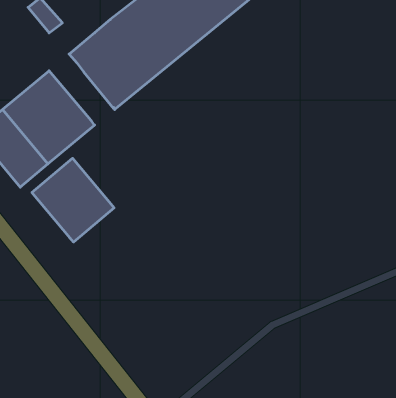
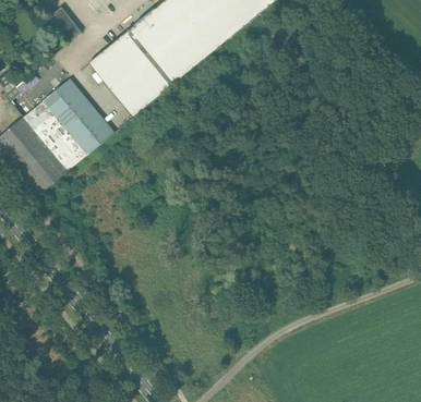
building: [32,158,114,242] -> none

